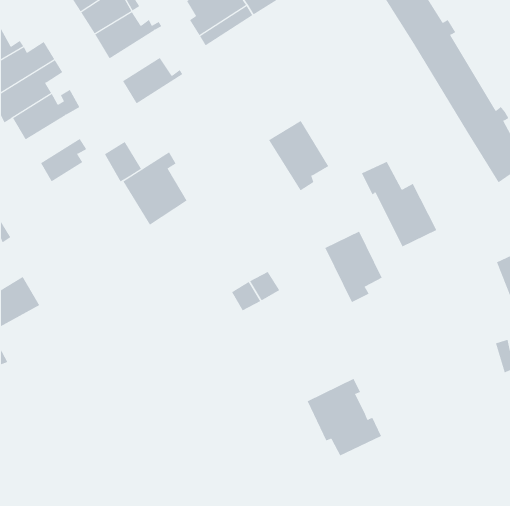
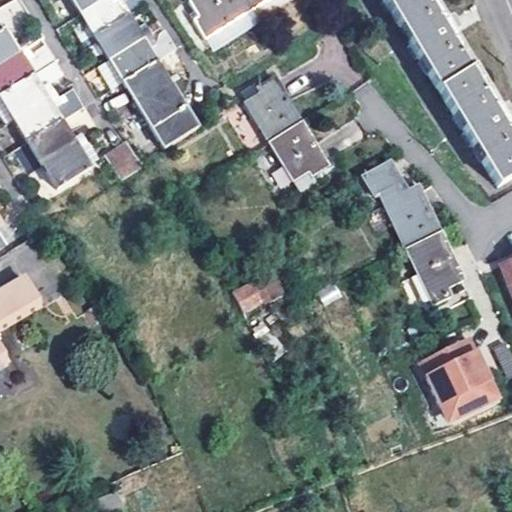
building: none -> [98,30,177,87]
building: none -> [241,74,302,140]
building: none -> [26,115,81,163]
building: [122,152,187,226] -> [137,74,202,148]
building: [324,231,382,303] -> [403,230,461,302]
building: [307,378,382,456] -> [418,337,493,415]

